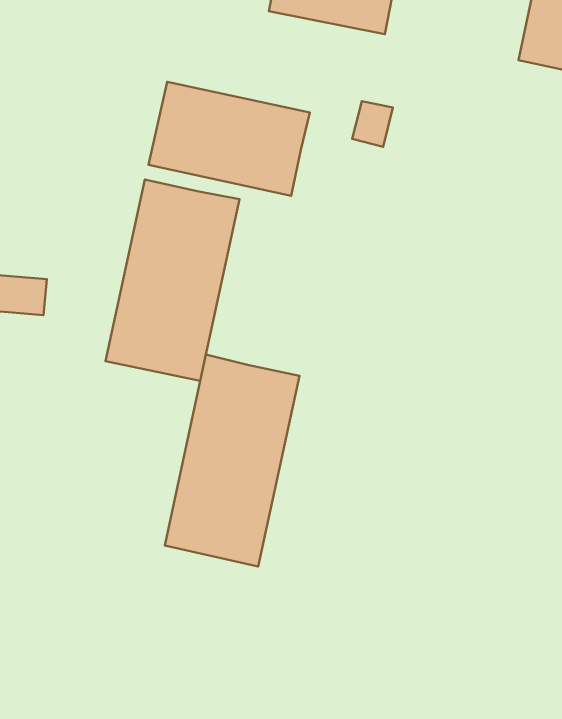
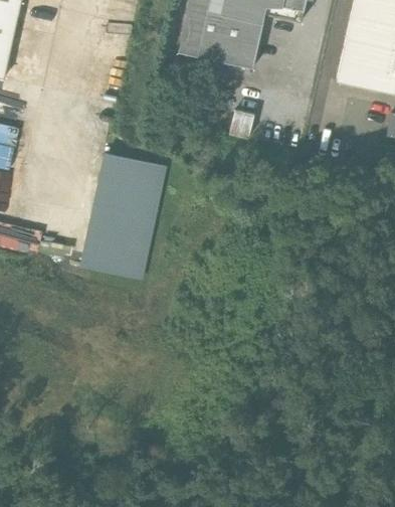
building: [148,82,310,196] -> none
building: [165,355,299,567] -> none

